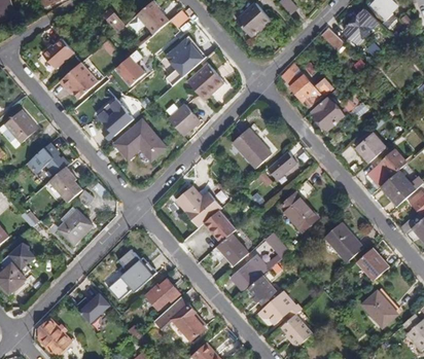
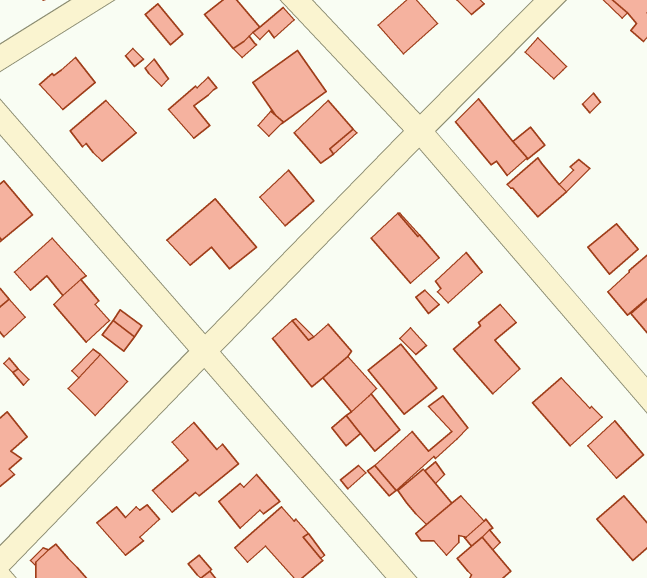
building: [343,13,372,43] -> none
building: [97,99,133,140] -> none
building: none -> [368,344,437,414]

